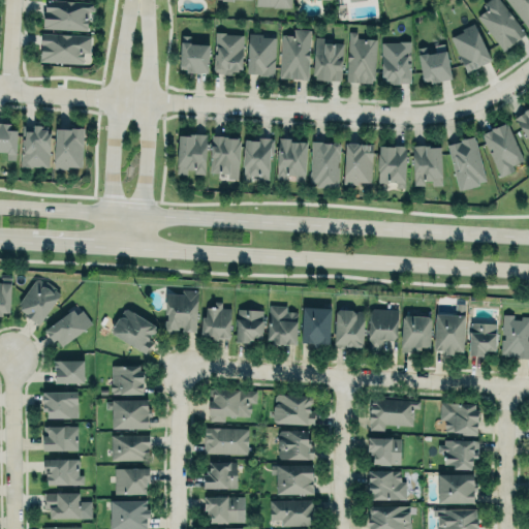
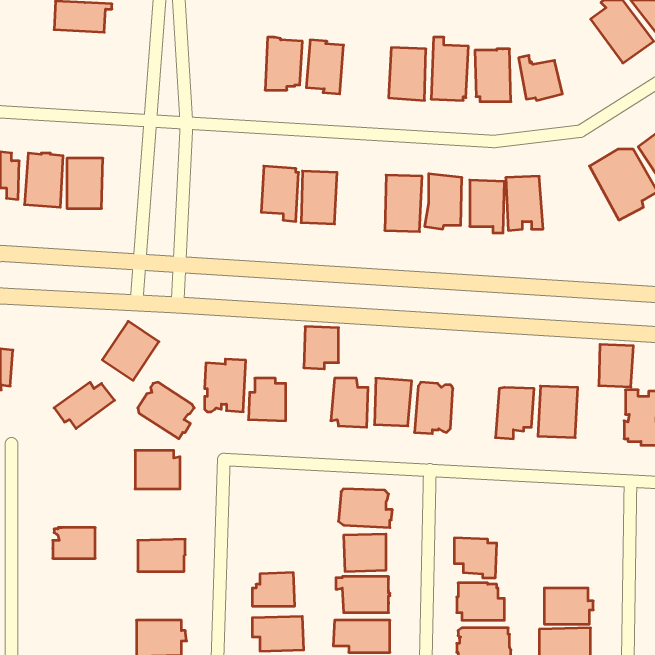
building: [453,24,493,71] -> none
building: [281,29,312,81] -> none
building: [38,32,94,66] -> none
building: [181,35,211,73] -> none
building: [178,133,208,176] -> none
building: [444,135,484,188] -> none
building: [278,137,309,182] -> none
building: [17,278,62,325] -> [102,321,159,380]
building: [369,309,399,351] -> none
building: [237,310,264,344] -> [304,327,339,369]
building: [470,323,498,357] -> [599,344,633,387]
building: [55,360,86,383] -> none
building: [210,388,258,423] -> none
building: [42,390,79,416] -> none
building: [368,397,419,432] -> none
building: [437,399,478,435] -> none
building: [113,401,150,430] -> none
building: [205,429,249,456] -> none
building: [439,440,479,469] -> none
building: [44,459,85,486] -> none
building: [115,469,150,496] -> none
building: [45,492,84,519] -> none

